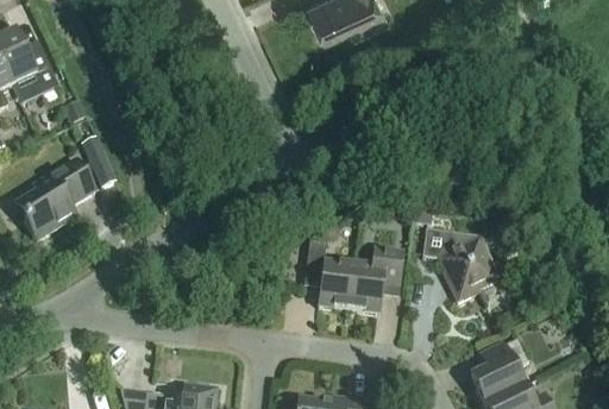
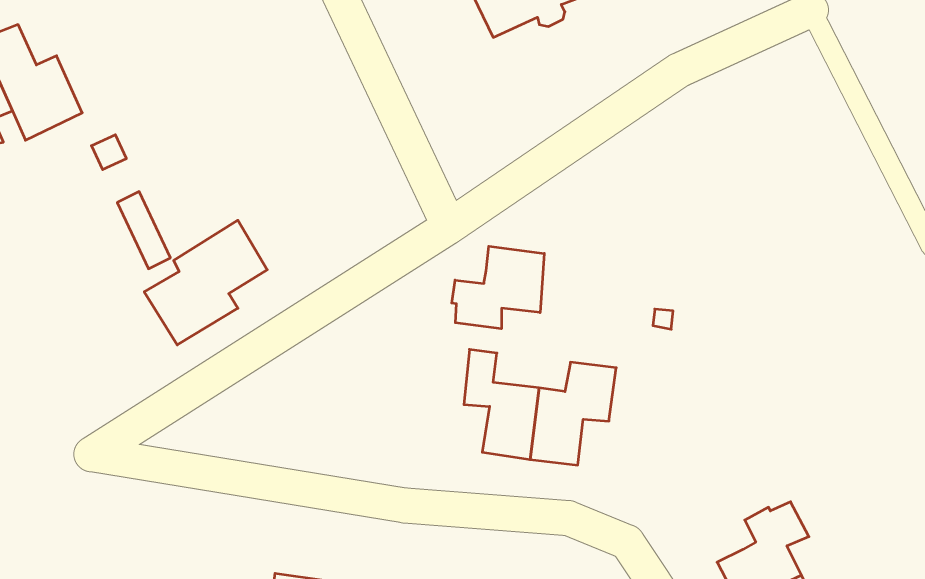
building: [14,161,94,241] -> [144,220,267,345]
building: none -> [452,246,544,329]
building: [421,231,497,304] -> none

